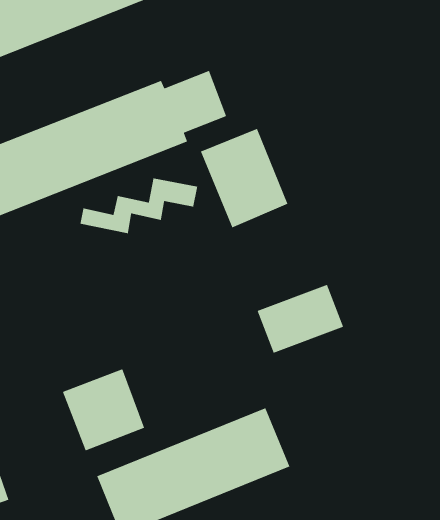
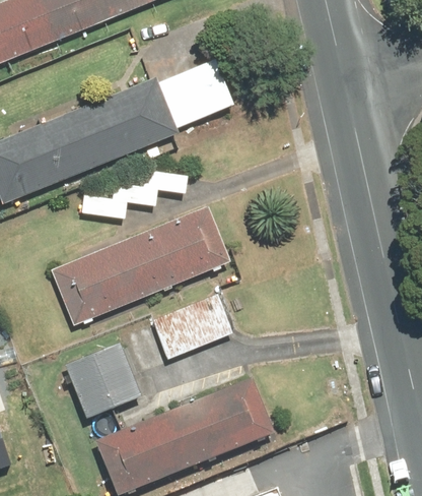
building: [200,128,289,228] -> none
building: none -> [51,208,226,325]
building: [256,284,344,354] -> [152,294,232,358]

